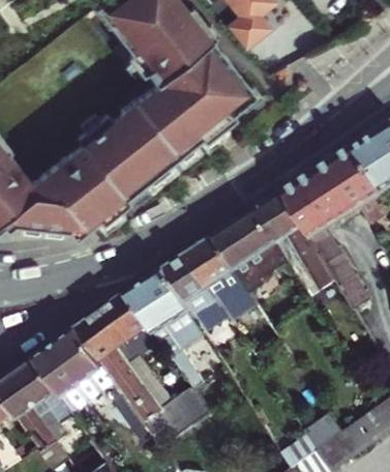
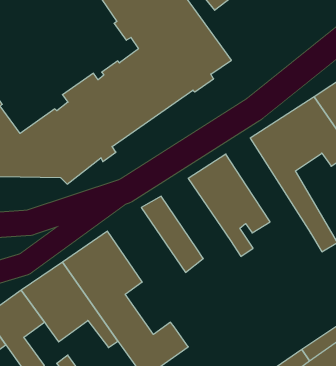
building: [254,187,348,297] -> none
building: [183,232,260,309] -> none
building: [124,264,214,395] -> none

